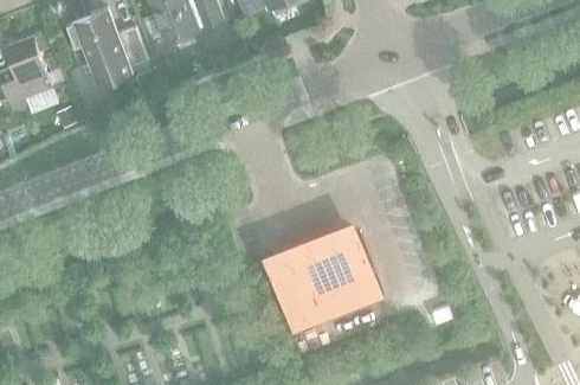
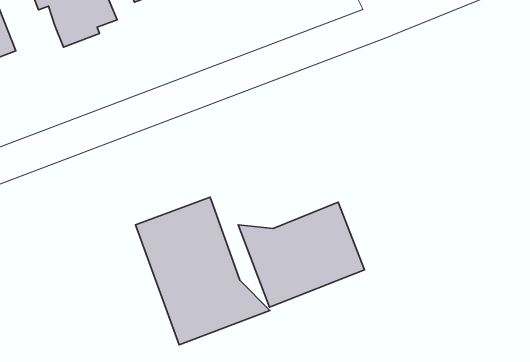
building: none -> [135,197,270,345]

